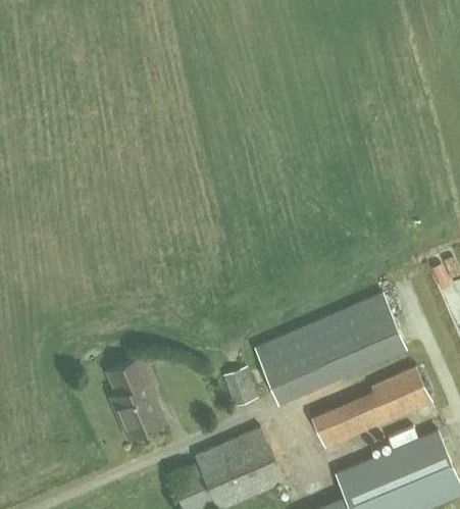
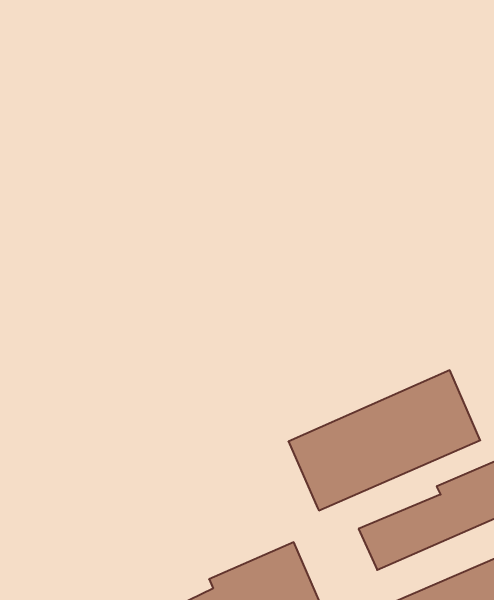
building: [108,360,166,438] -> none
building: [220,367,259,408] -> none

